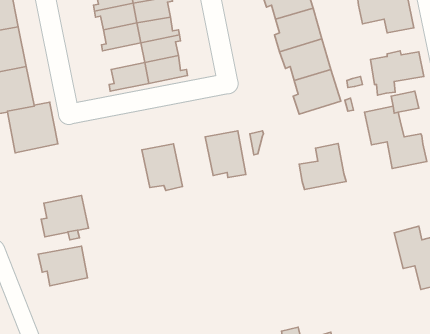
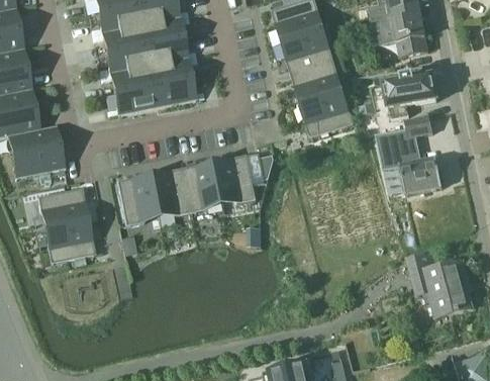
building: none -> [109,65,153,92]
building: none -> [182,161,222,211]
building: [299,143,346,189] -> none
building: none -> [117,174,158,224]
building: [38,246,88,286] -> [37,188,88,228]

